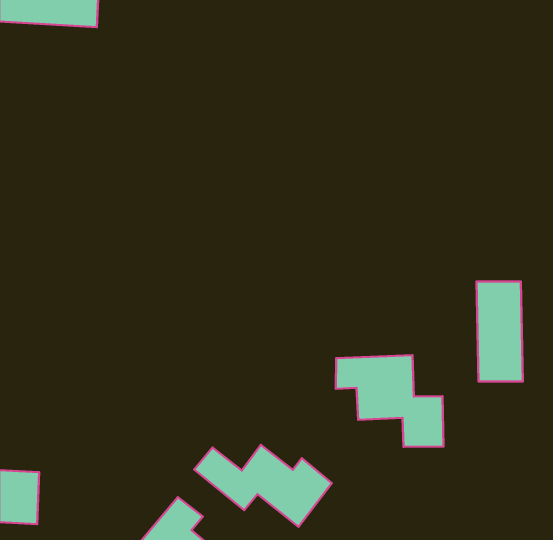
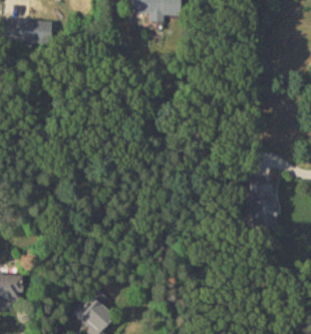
building: [336,355,443,447] -> none
building: [194,445,332,527] -> none

